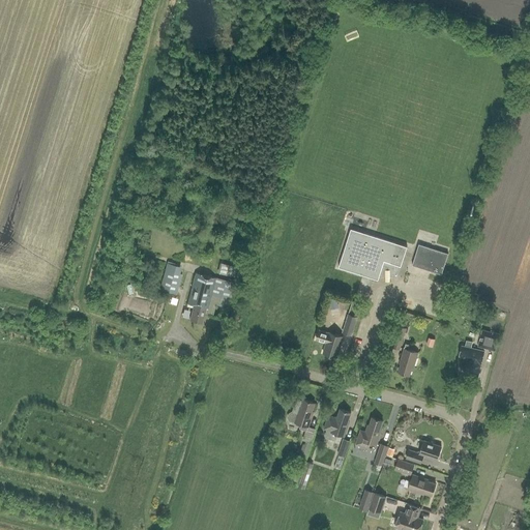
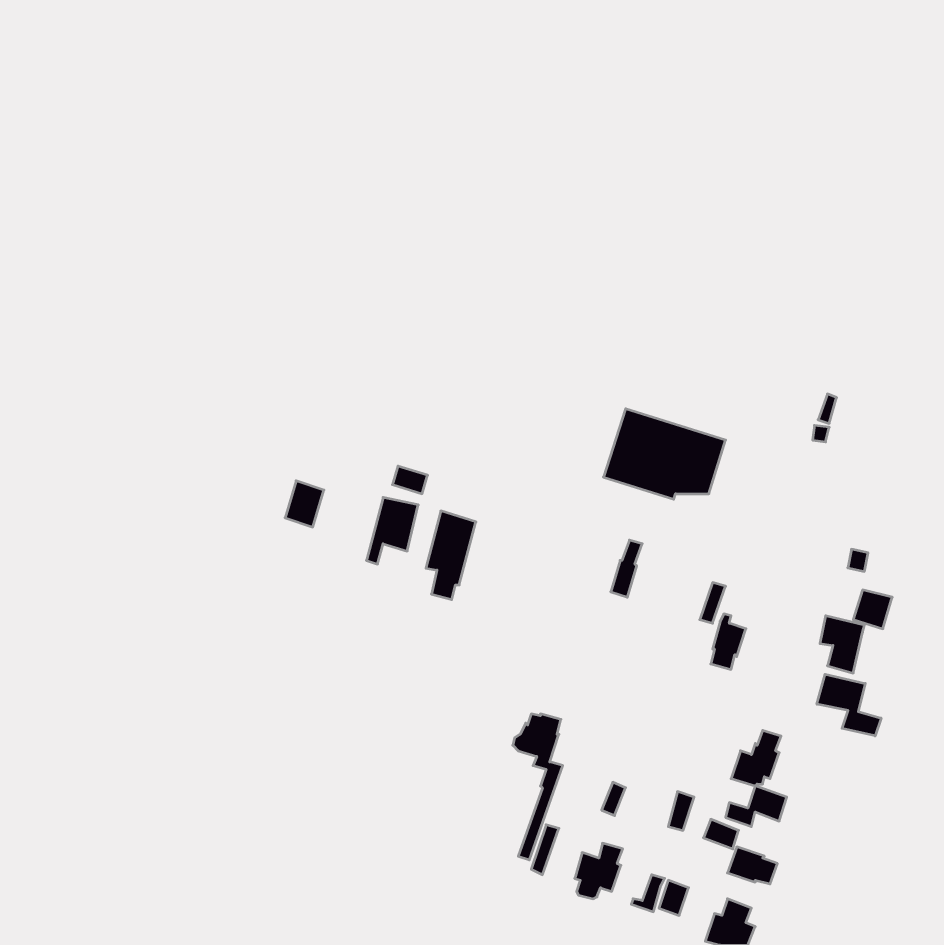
building: [411,244,447,274] -> none
building: [186,272,214,322] -> [426,511,476,600]
building: [316,329,343,357] -> none
building: none -> [817,674,881,736]
building: [323,409,350,440] -> [575,843,623,899]
building: [354,417,382,448] -> [731,730,781,786]

